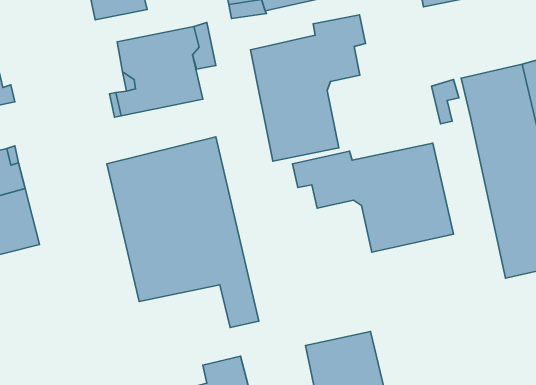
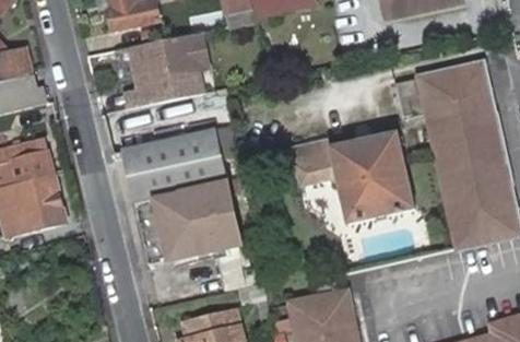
building: [250,15,365,161] -> none

